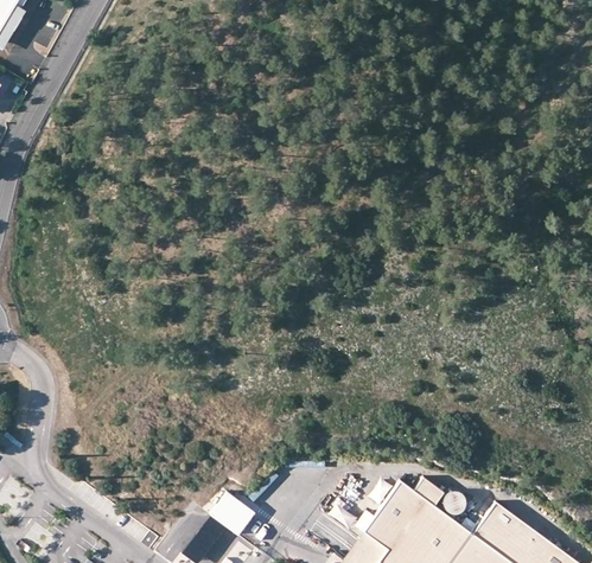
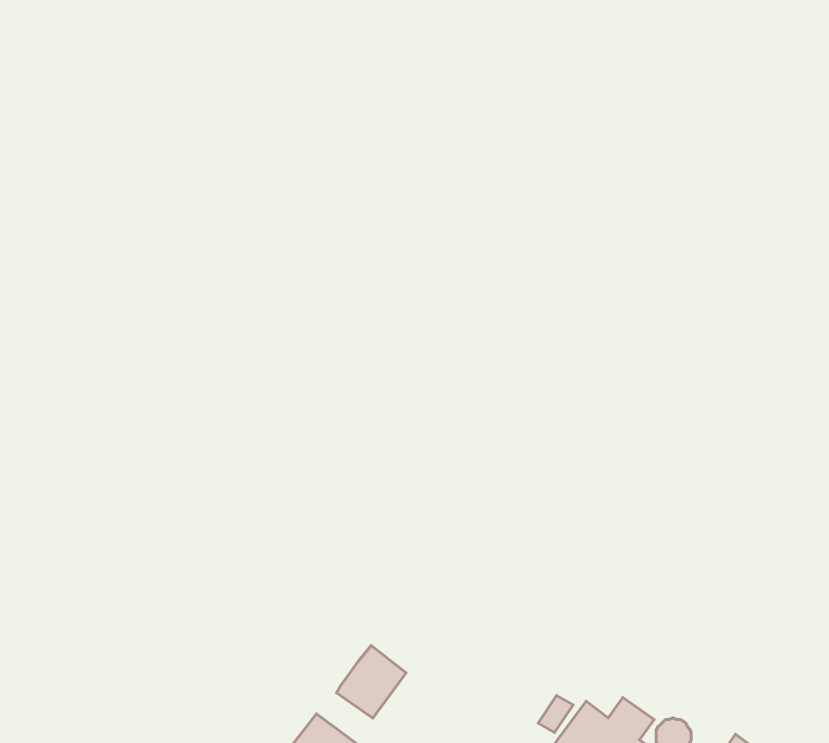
building: none -> [336,645,406,718]

